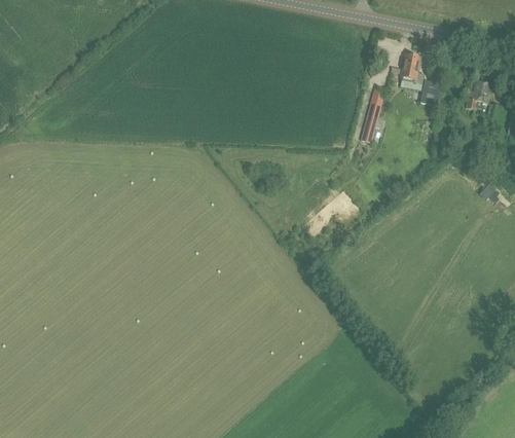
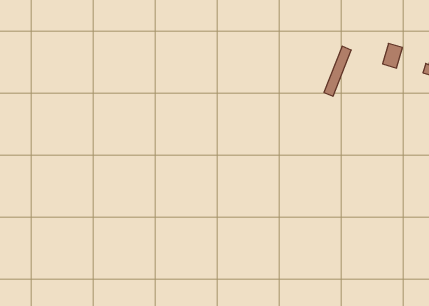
building: [401,53,425,83] -> none

